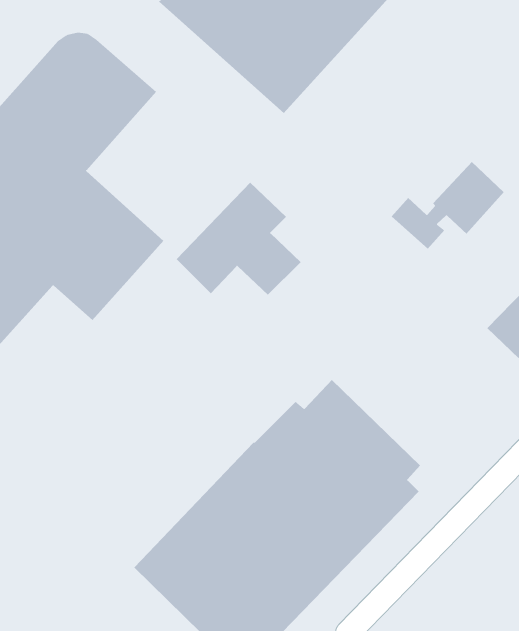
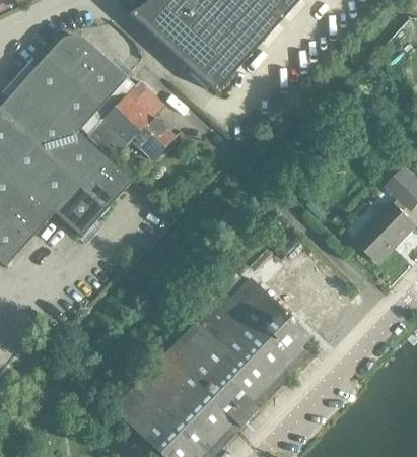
building: [391,161,504,249] -> none
building: [176,182,301,296] -> [87,79,175,158]

